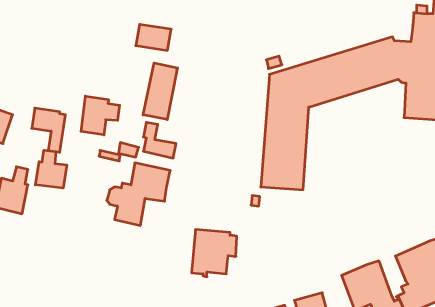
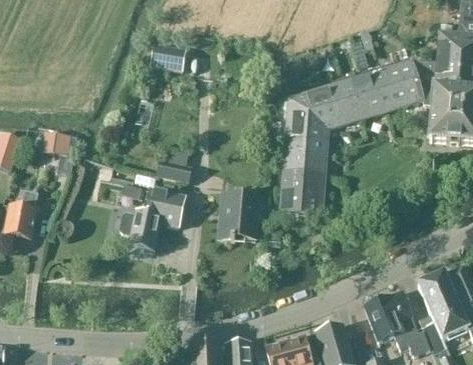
building: [143,63,178,120] -> none
building: [81,96,120,135] -> none
building: [35,150,67,188] -> none
building: [192,230,237,277] -> [219,194,266,243]

